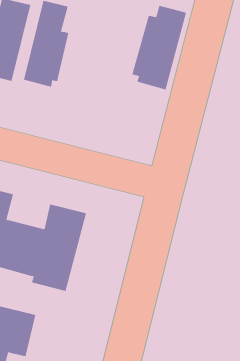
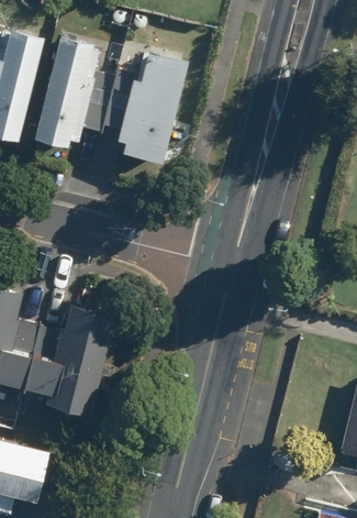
building: [131,5,187,90] -> [116,48,190,162]

